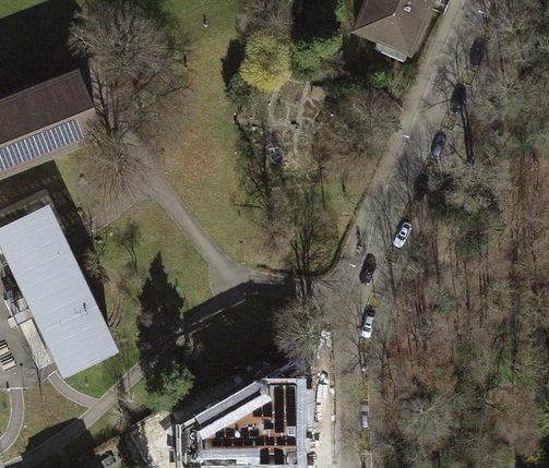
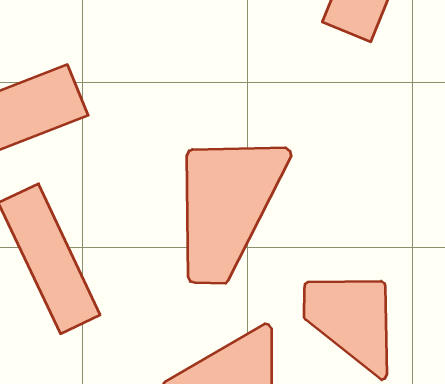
building: none -> [187,148,291,283]
building: none -> [304,281,387,380]

